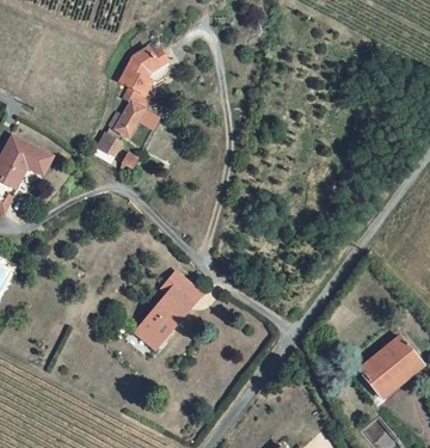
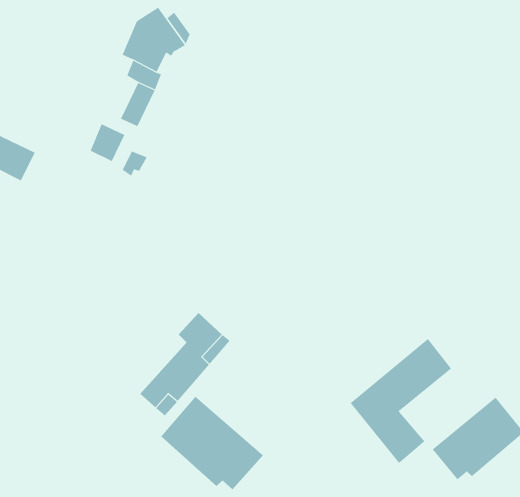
building: none -> [350,338,452,464]
building: none -> [160,396,264,490]

